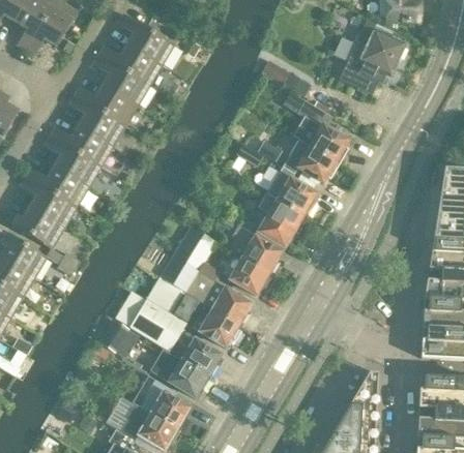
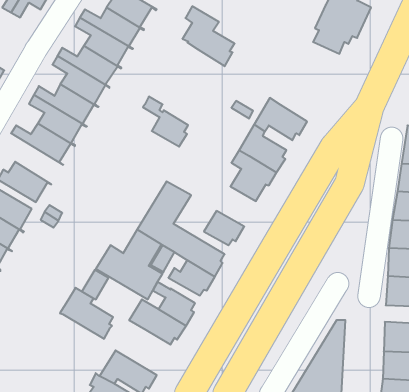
building: [292,100,347,163] -> [182,6,235,66]
building: [20,176,80,230] -> none
building: [232,221,280,274] -> [143,97,188,147]
building: [132,376,187,430] -> [60,288,113,339]

